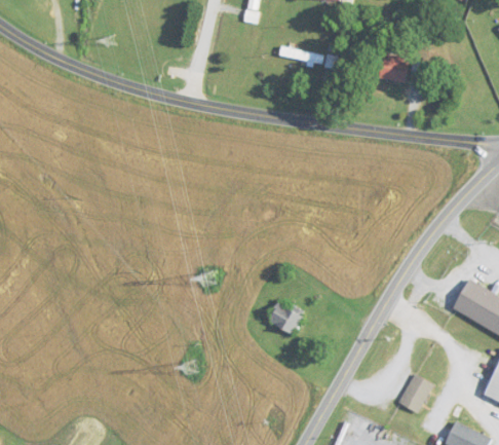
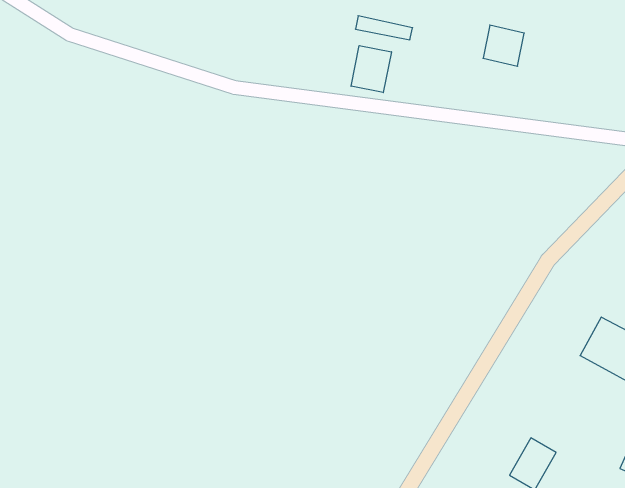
building: none -> [351,46,391,93]
building: [267,301,303,334] -> none

